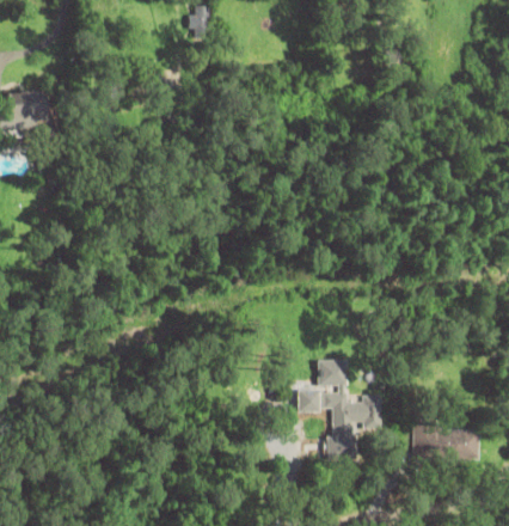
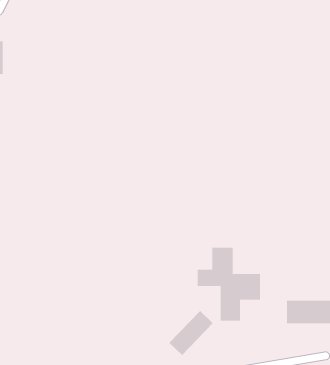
building: none -> [169,310,214,356]

